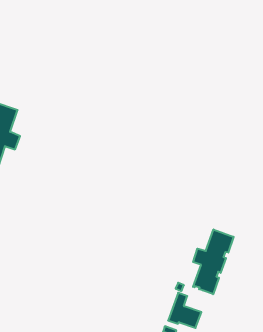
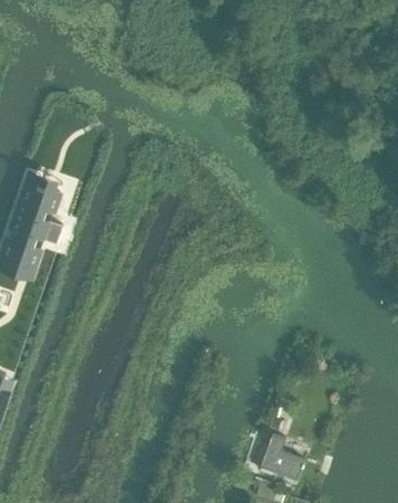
building: [193,229,234,294] -> none

